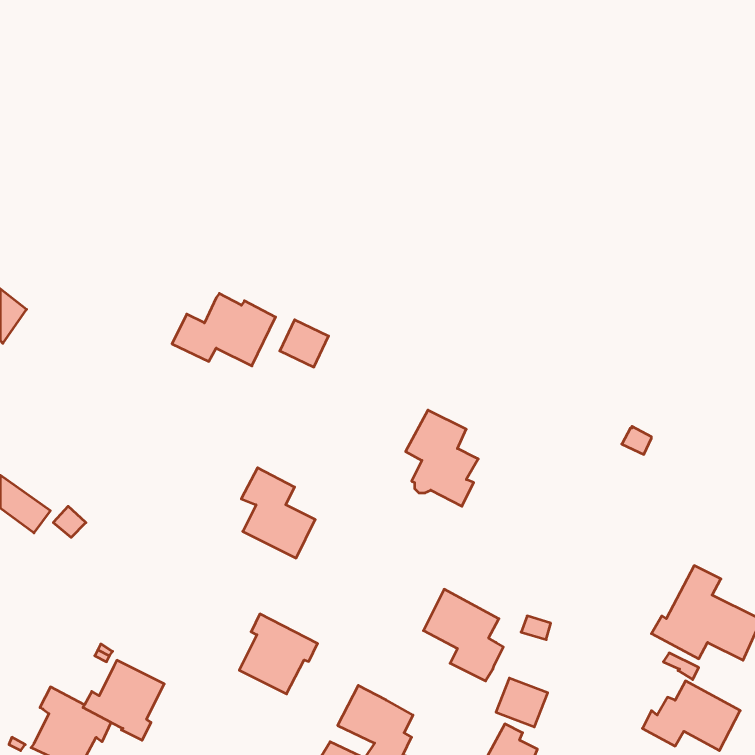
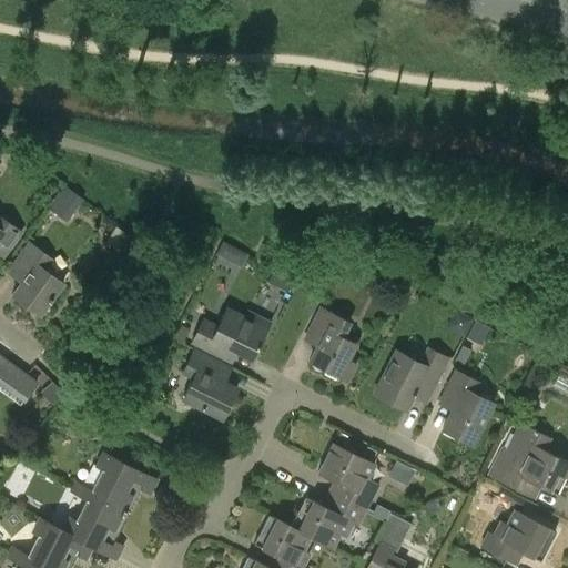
building: none -> [50,187,84,223]
building: [172,293,276,366] -> [192,306,270,361]
building: none -> [12,244,64,317]
building: none -> [374,348,448,412]
building: none -> [444,372,495,445]
building: [239,614,318,694] -> [89,454,148,514]
building: none -> [291,497,365,548]

